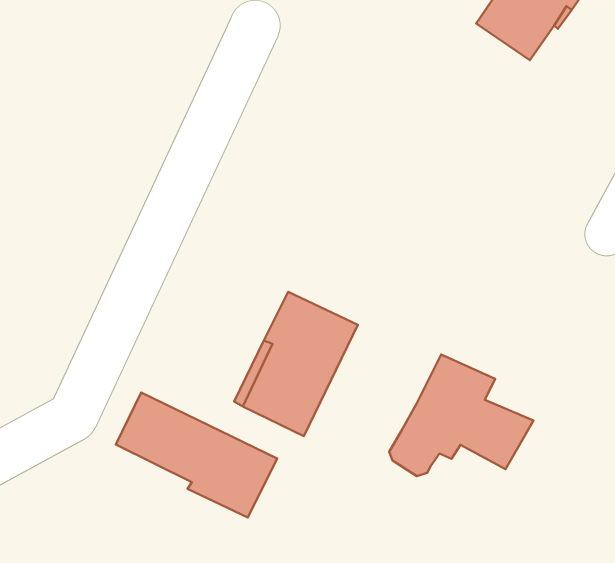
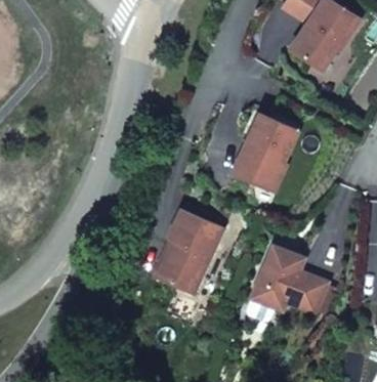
building: none -> [233,112,300,189]
building: [116,392,277,517] -> none

